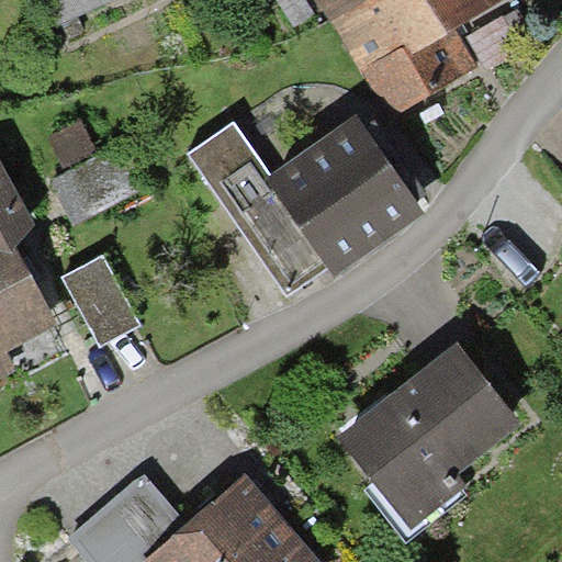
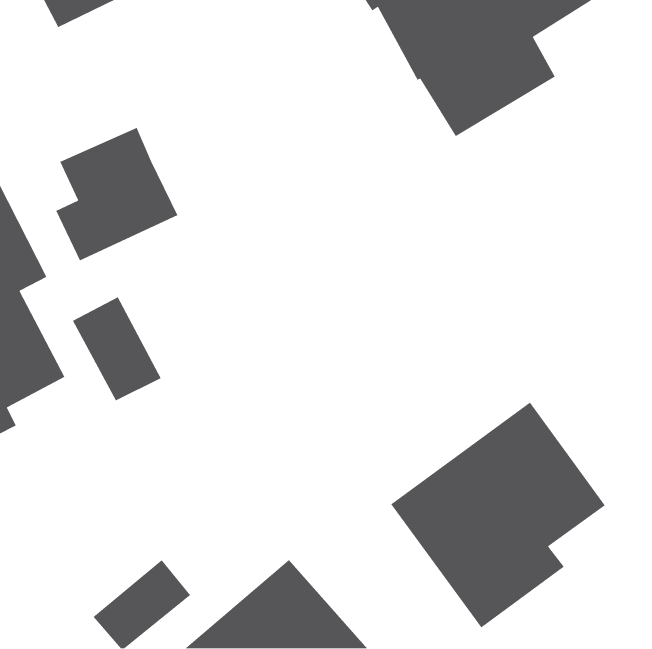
building: [189,117,422,285] -> none

